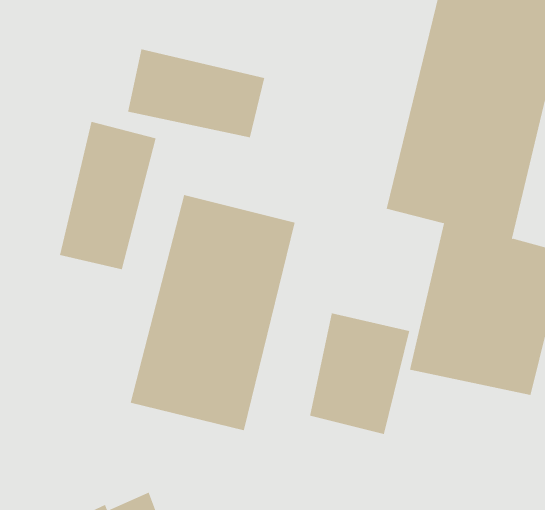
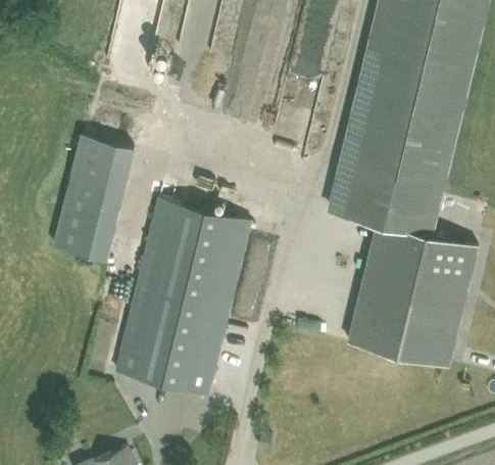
building: [128,48,265,138] -> none
building: [309,312,410,435] -> none

